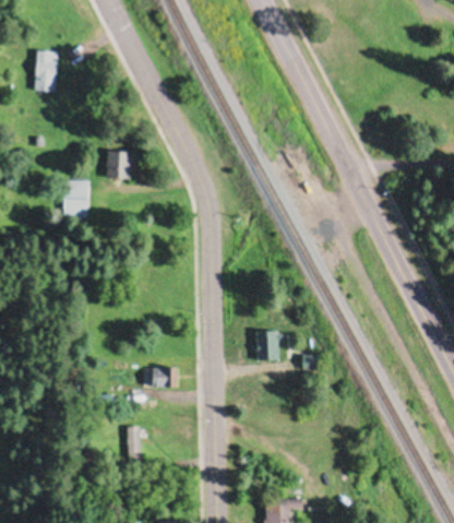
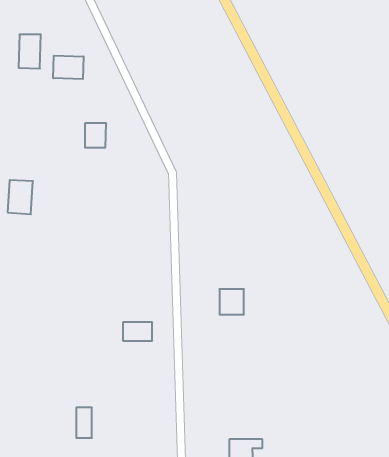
building: none -> [53,56,84,79]
building: [59,177,87,215] -> [8,180,33,214]
building: [127,429,144,463] -> [76,408,92,438]

